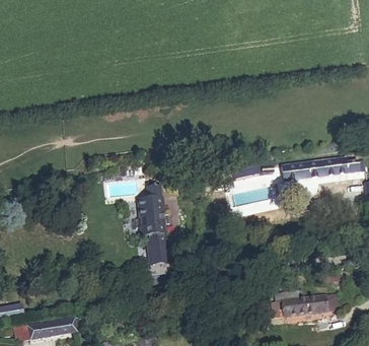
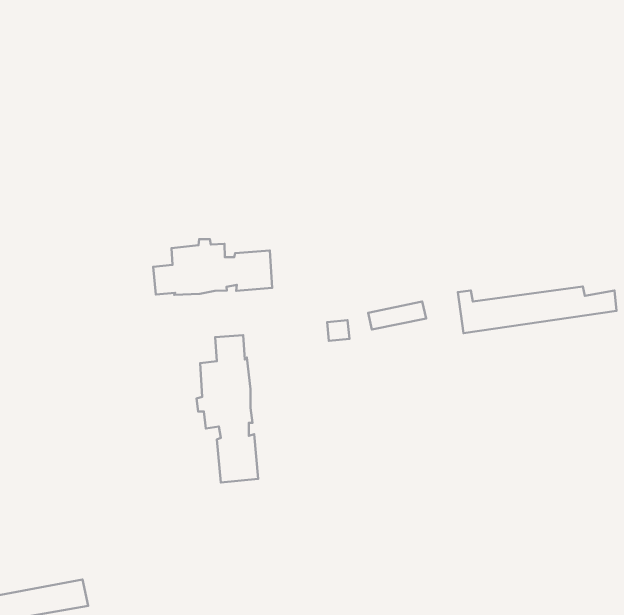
building: none -> [153,239,272,295]
building: [271,288,333,317] -> none

